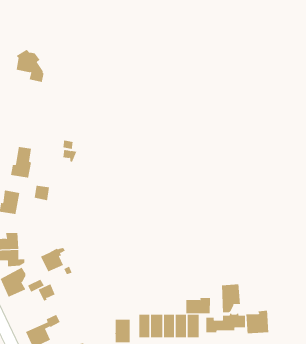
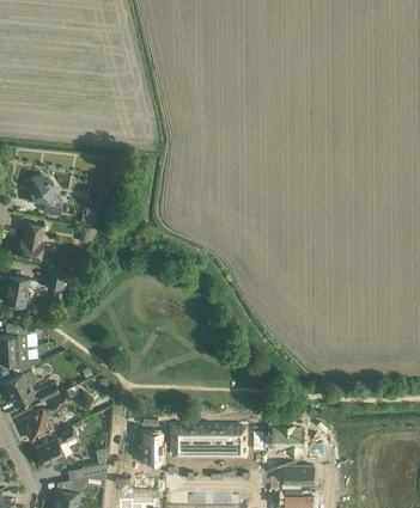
building: [16,46,44,83] -> [28,171,62,215]
building: [40,248,66,272] -> [22,409,53,439]
building: [221,284,241,313] -> none
building: [186,297,211,314] -> none
building: [246,310,269,334] -> none

